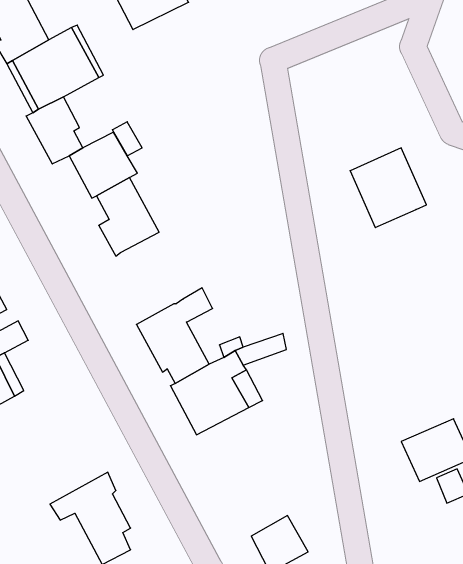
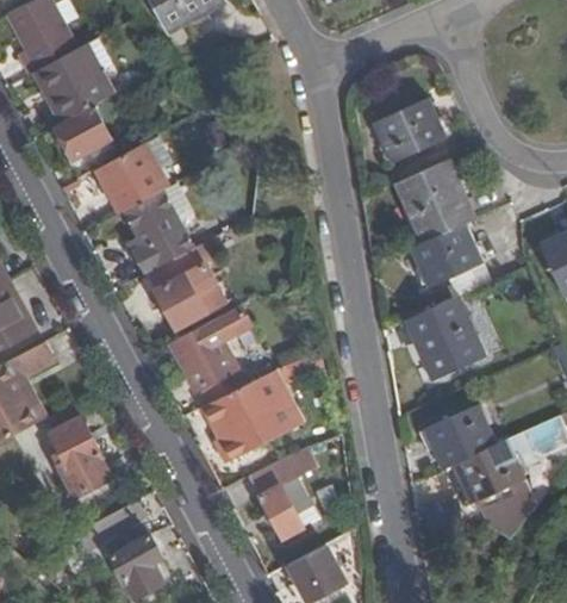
building: none -> [375,95,448,162]
building: none -> [407,224,480,290]
building: none -> [147,243,218,331]
building: none -> [401,298,484,383]
building: none -> [422,409,493,472]
building: none -> [50,417,111,497]
building: none -> [249,460,305,542]

